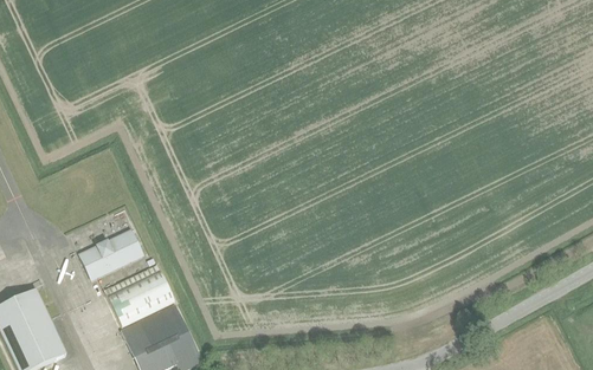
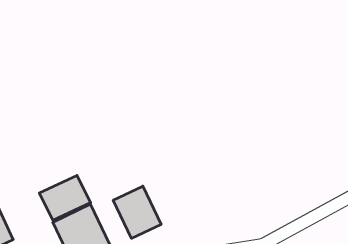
building: [78,229,144,283] -> none
building: none -> [113,186,161,238]

